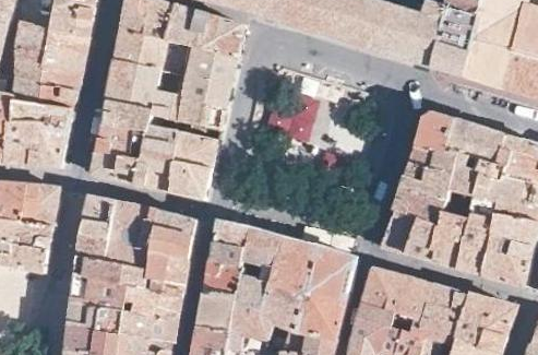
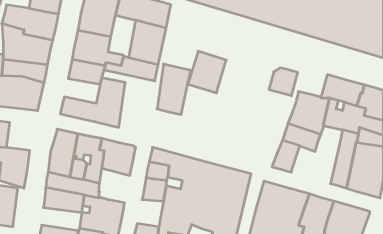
building: [417,113,456,151] -> [269,68,298,96]
building: [98,125,147,158] -> none
building: [172,130,218,199] -> [157,64,191,115]
building: [20,185,57,223] -> none
building: [407,209,473,268] -> none
building: [145,247,188,294] -> none
building: [198,289,234,327] -> none
building: [68,300,122,332] -> none

